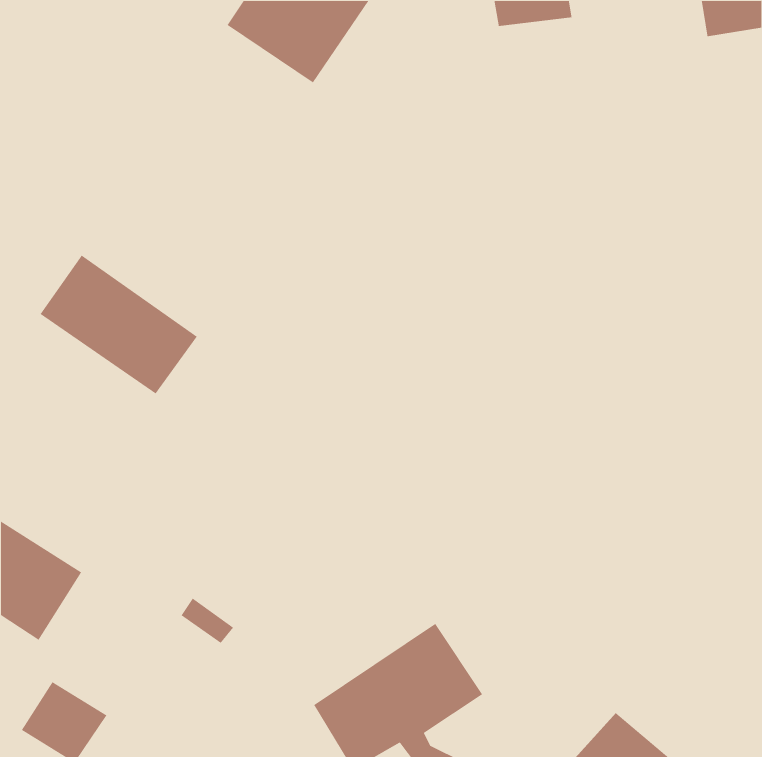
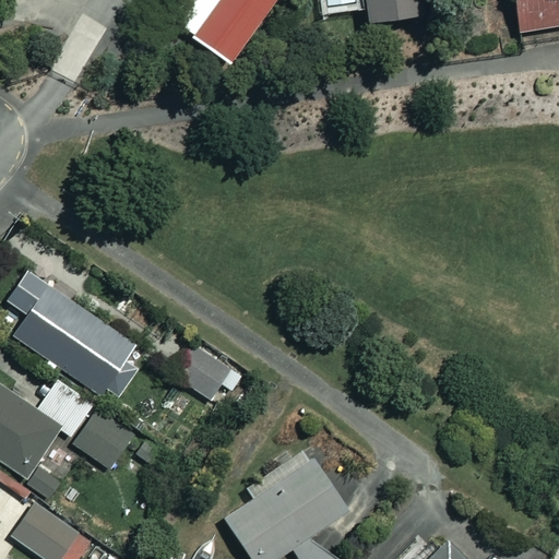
building: [40,255,198,395] -> [14,292,130,394]
building: none -> [174,344,233,401]
building: none -> [74,409,133,468]

